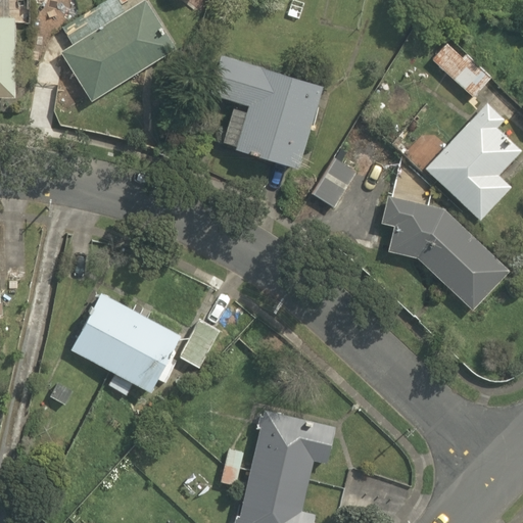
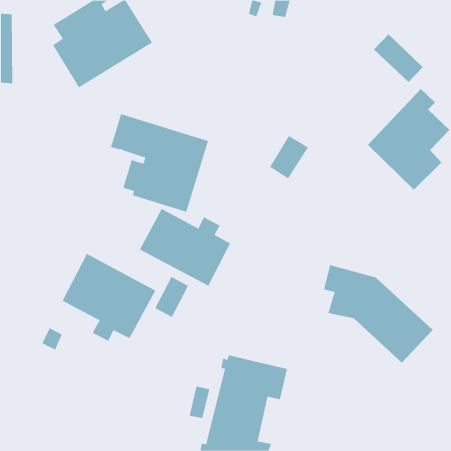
building: [208,55,323,170] -> [110,114,209,212]
building: [381,195,509,310] -> [323,265,434,364]
building: none -> [139,208,231,286]

